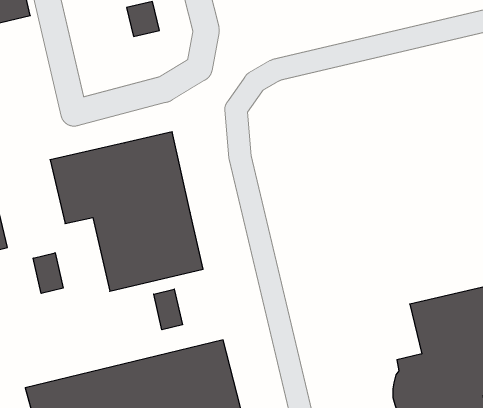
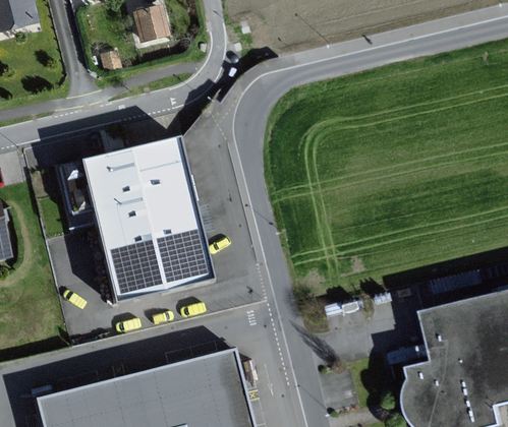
building: [33,253,63,293] -> none
building: [154,289,182,330] -> none

